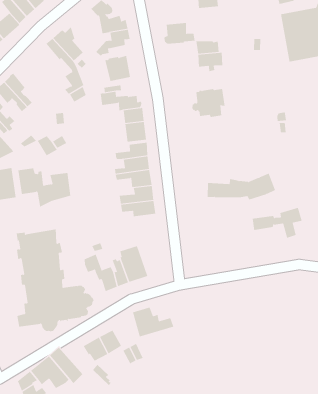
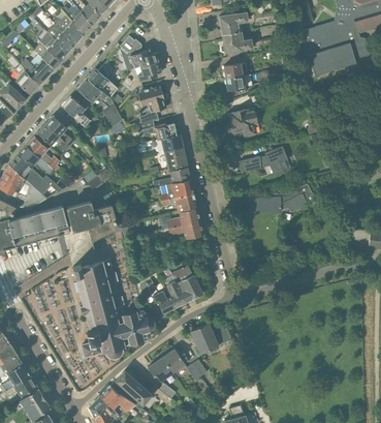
building: [163,23,196,44] -> [221,30,252,53]
building: none -> [62,91,90,126]
building: [252,207,303,238] -> [239,146,287,177]

